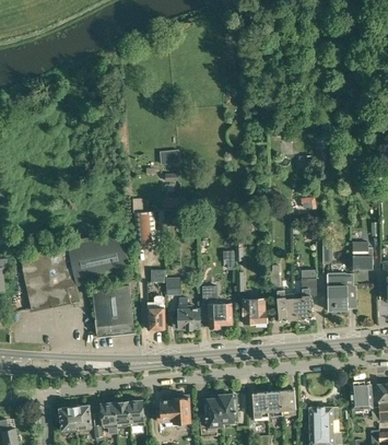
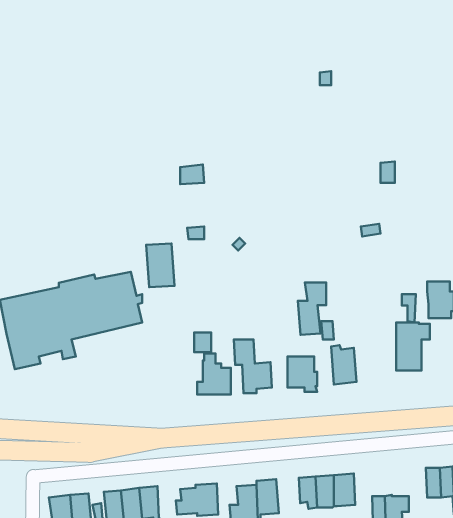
building: [295,279,317,319] -> [298,283,326,335]
building: [92,280,137,338] -> none
building: [148,296,165,330] -> none

